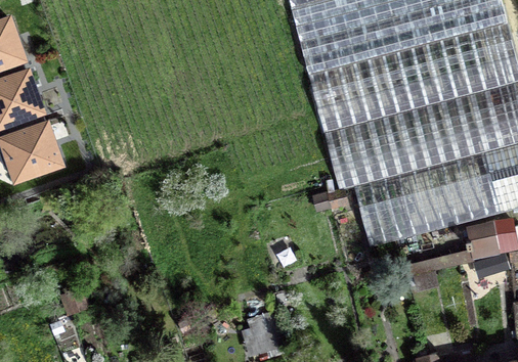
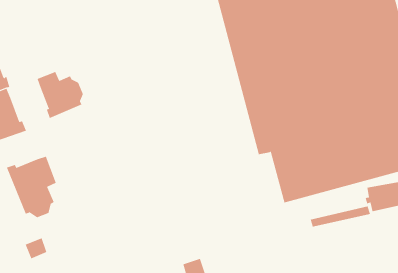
building: none -> [37,71,83,119]
building: none -> [6,156,57,218]

